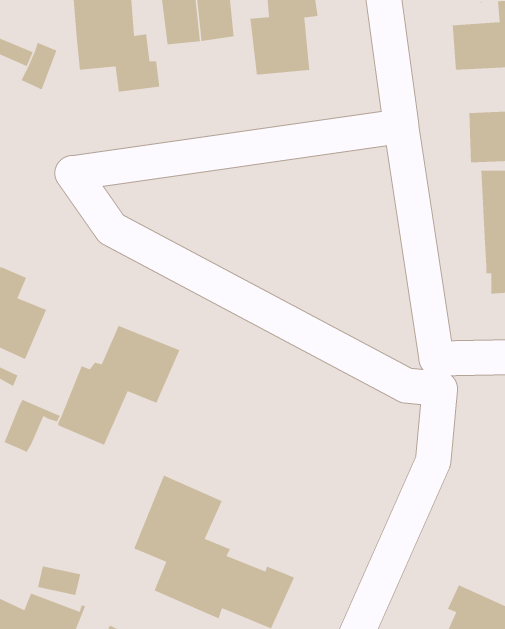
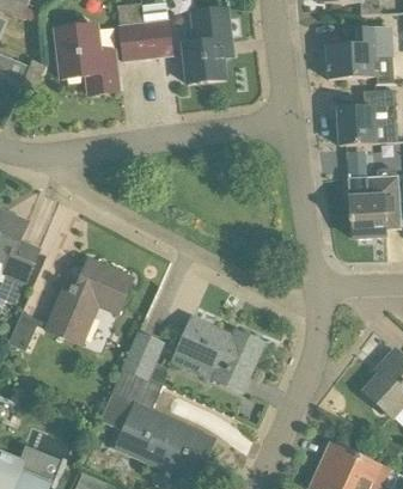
building: none -> [172,316,264,390]
building: none -> [121,329,166,383]

